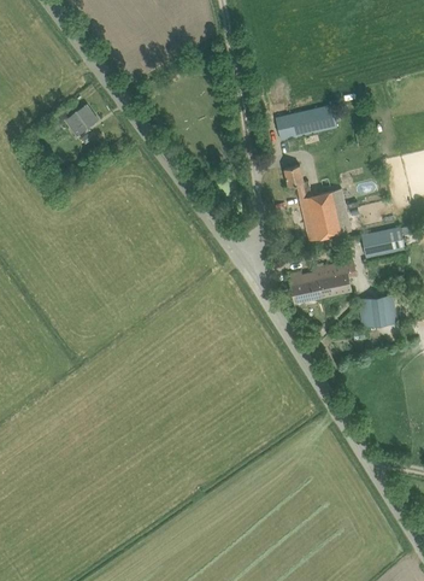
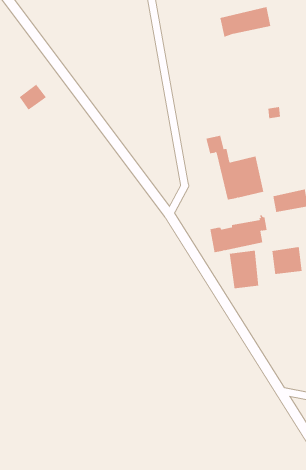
building: [275,105,335,141] -> [220,6,271,37]
building: none -> [229,250,259,289]

